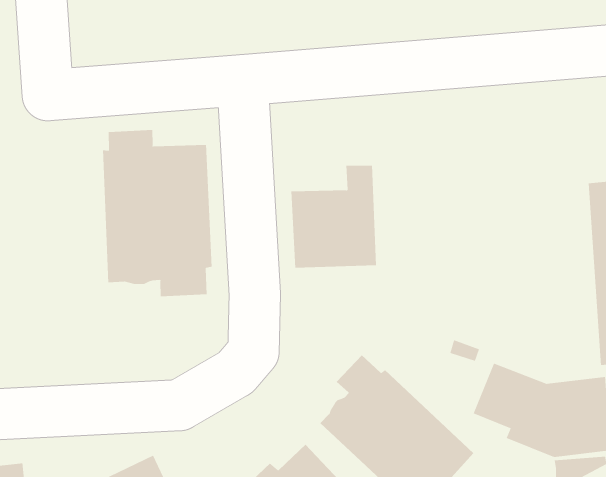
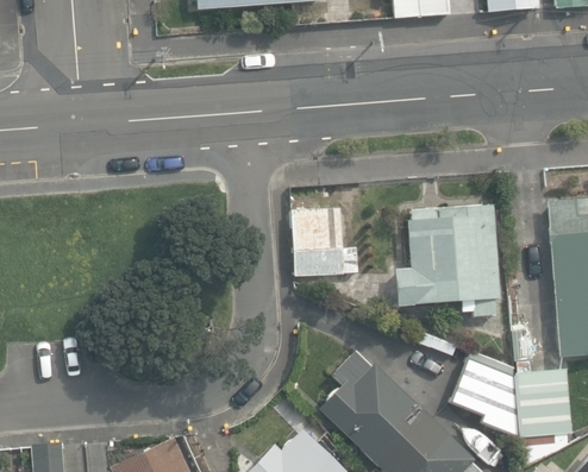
building: [102,129,212,297] -> none
building: none -> [395,203,500,316]

